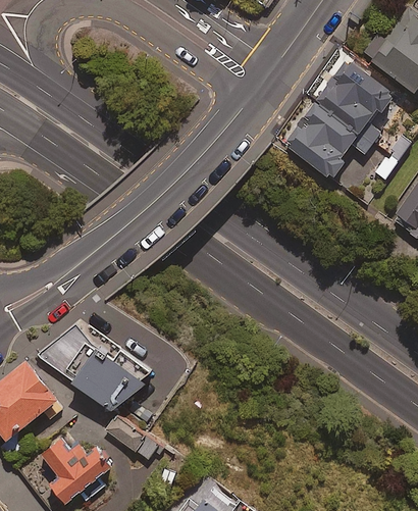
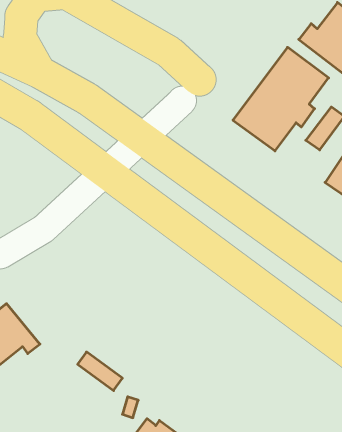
building: [36,322,148,409] -> none
building: [40,436,107,503] -> none

